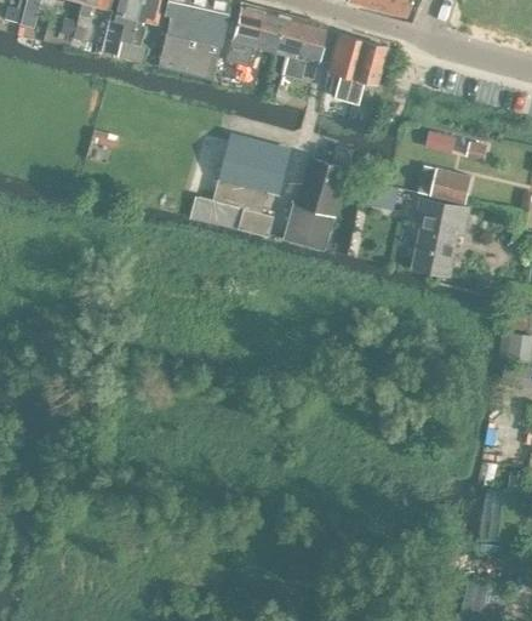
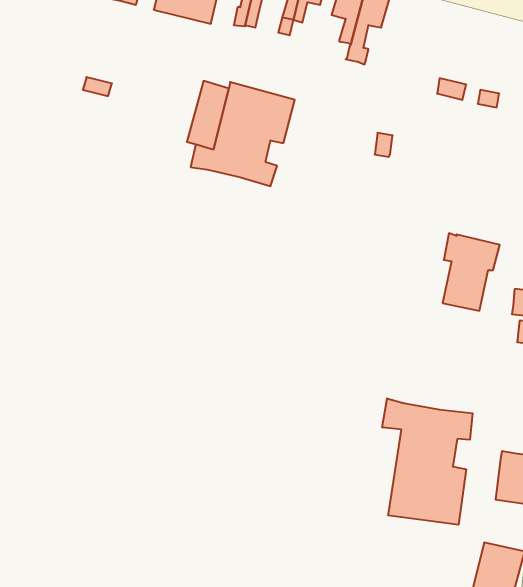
building: [284,147,354,251] -> none
building: [419,167,471,203] -> none
building: [414,199,469,273] -> [443,233,500,311]
building: none -> [382,398,473,525]

